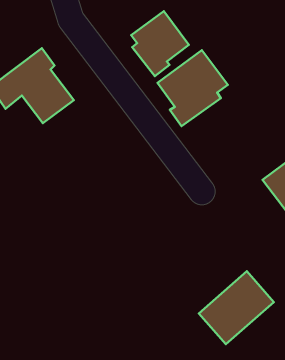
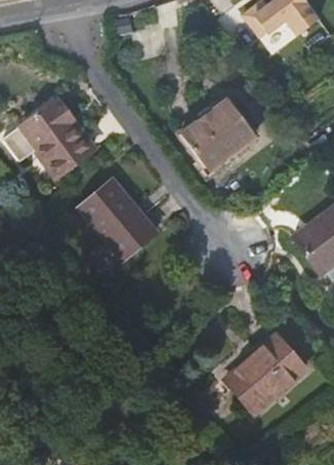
building: [131,11,189,76] -> none
building: none -> [79,178,156,259]

